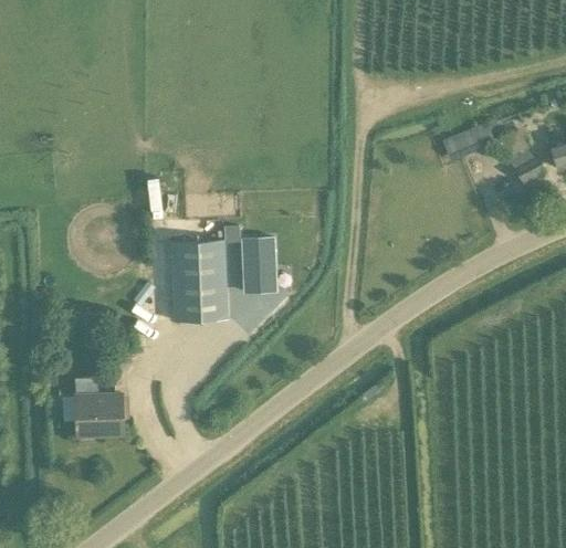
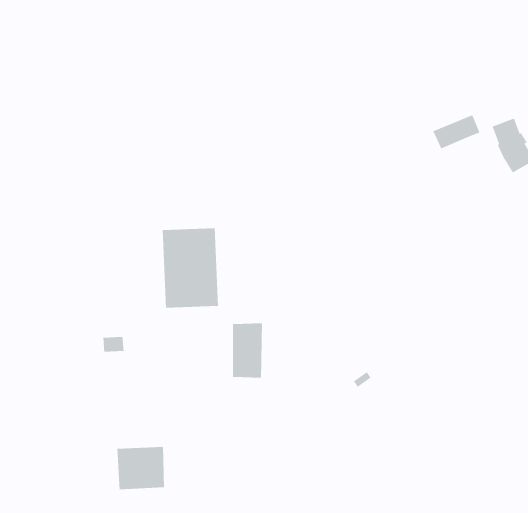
building: [244,234,275,291] -> [232,322,263,378]
building: [73,393,122,438] -> [117,446,165,490]

